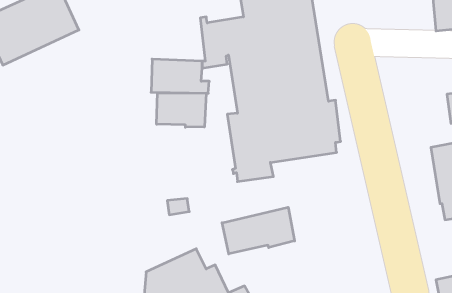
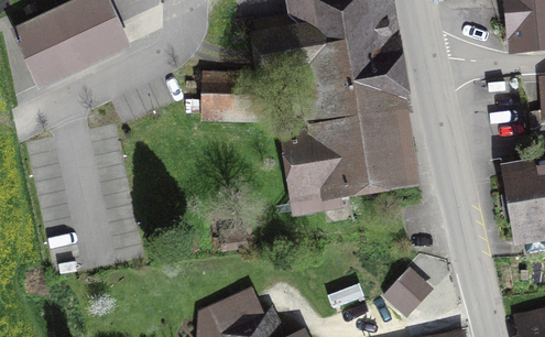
building: [157,93,206,127] -> none
building: [222,207,295,254] -> none
building: none -> [384,271,428,316]

